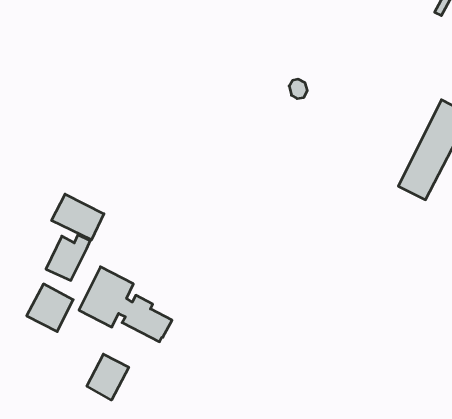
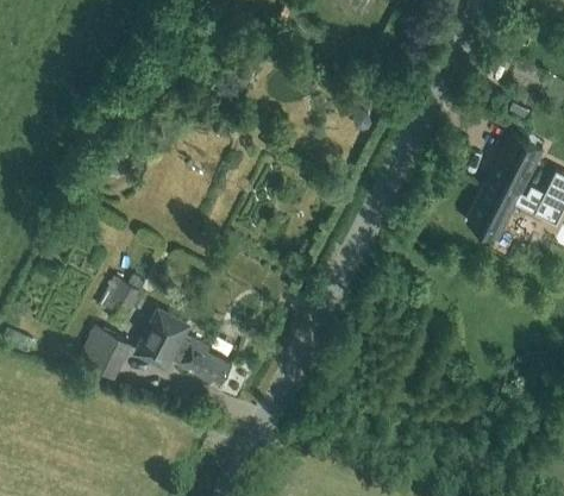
building: [52,194,104,240] -> none
building: [87,354,129,400] -> none

